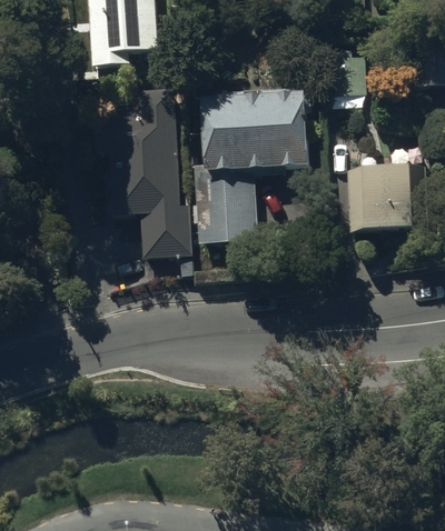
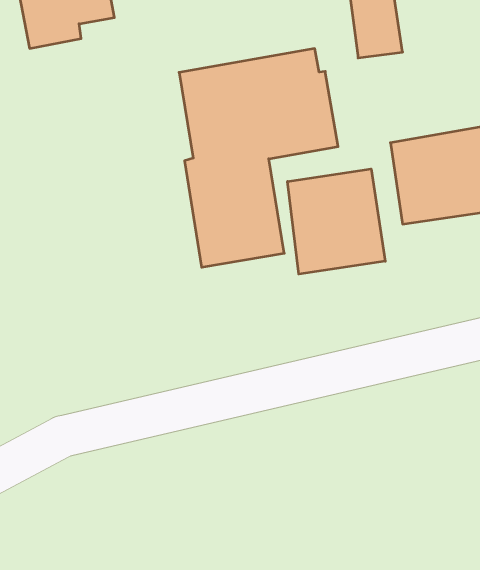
building: [103,84,191,252] -> none
building: none -> [288,169,385,274]

